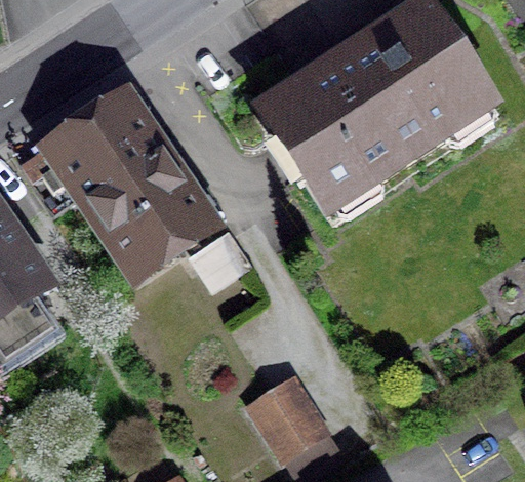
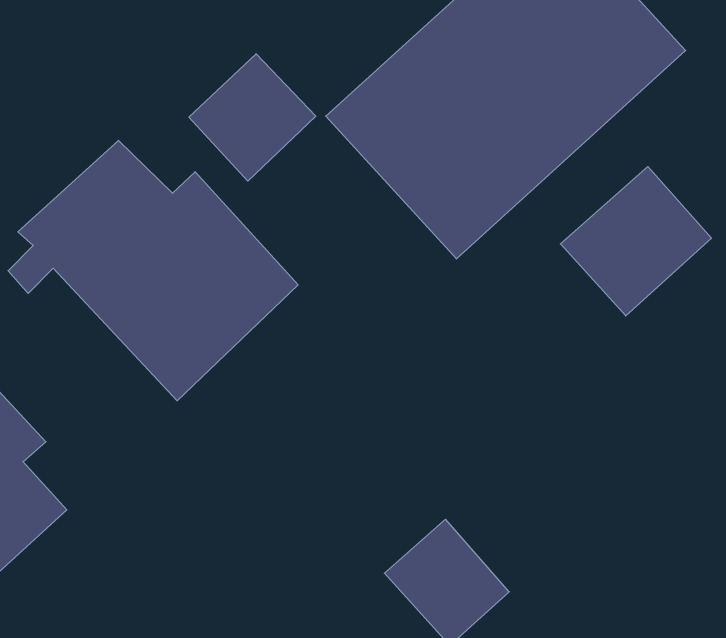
building: none -> [189,54,316,181]
building: none -> [560,167,711,316]

